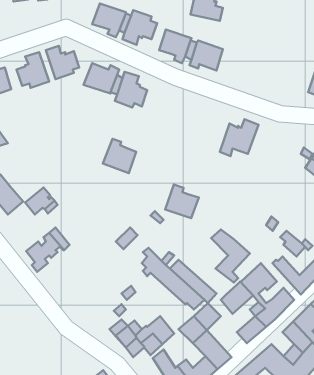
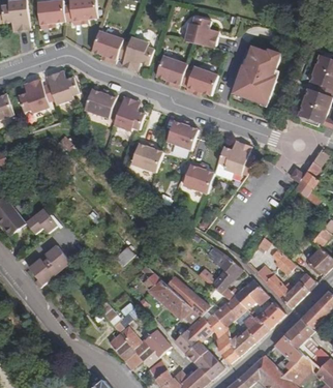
building: none -> [232,48,279,105]
building: none -> [165,117,196,149]
building: [103,139,136,173] -> [129,140,161,173]
building: [165,185,199,218] -> [181,160,213,192]
building: none -> [206,315,239,364]

